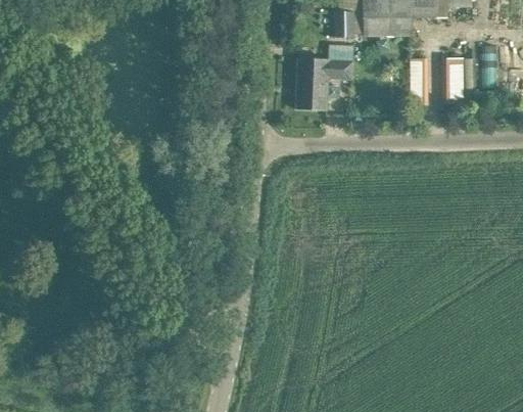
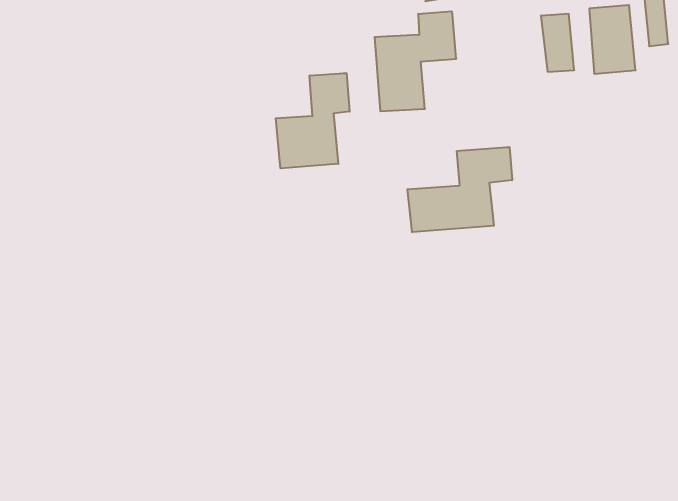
building: none -> [276,73,350,168]
building: none -> [407,147,512,232]

